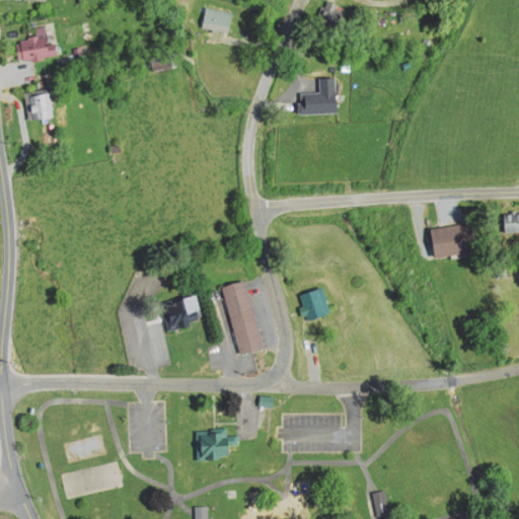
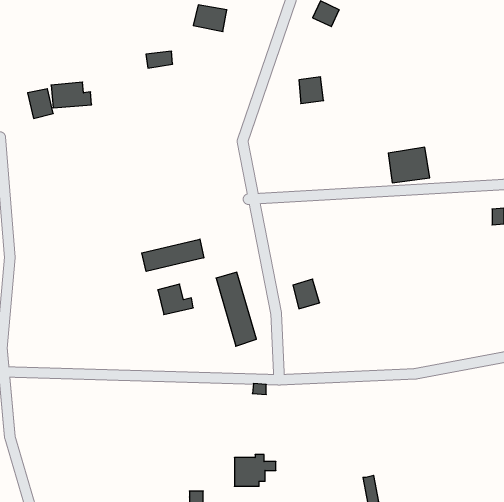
building: [17,36,59,63] -> [51,82,92,108]
building: [431,223,473,260] -> [388,147,430,183]
building: none -> [142,239,204,271]
building: [197,429,239,461] -> [234,455,276,486]

